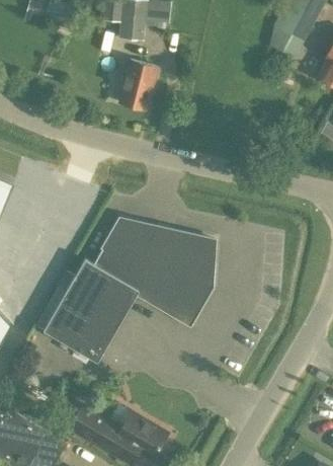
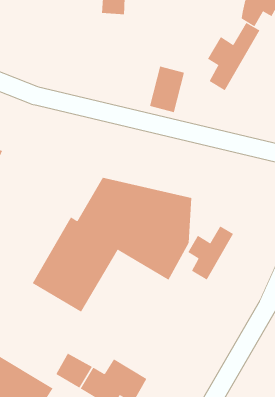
building: none -> [207,22,260,91]
building: [118,61,157,111] -> [149,66,185,113]
building: none -> [187,226,234,280]

